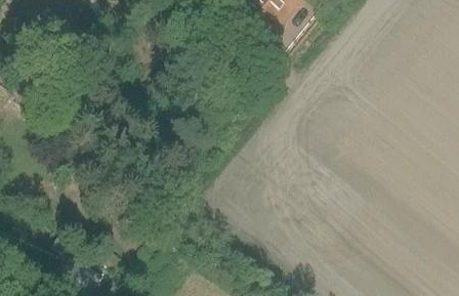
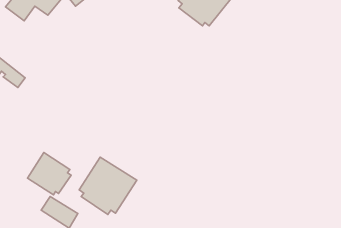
building: none -> [27,153,71,195]
building: none -> [79,157,137,215]

